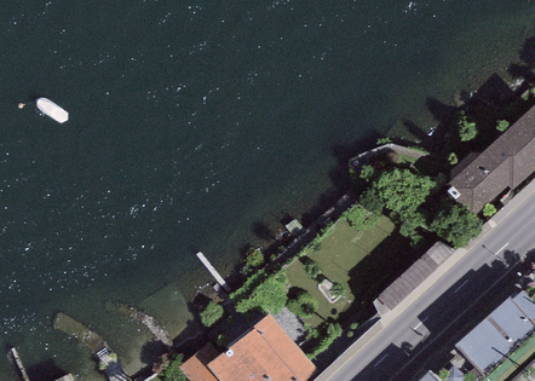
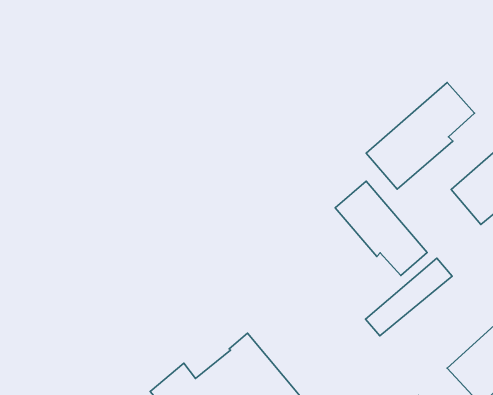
building: none -> [366,83,475,189]
building: none -> [335,181,427,276]

